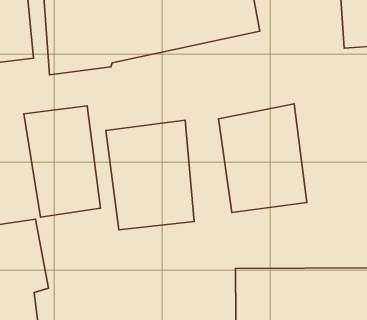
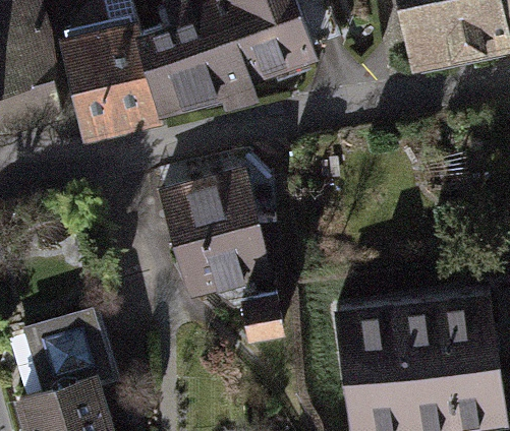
building: [218,104,307,212] -> none
building: [24,106,101,217] -> none

